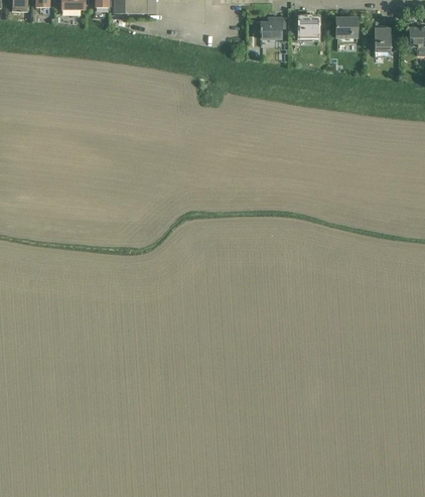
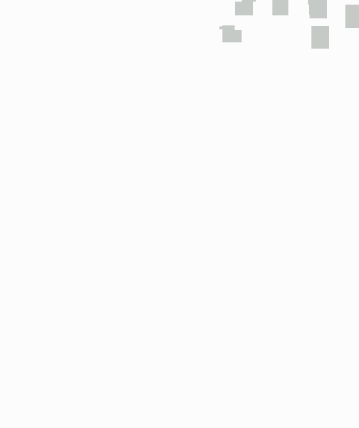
building: none -> [219,24,242,43]
building: none -> [311,25,330,50]

